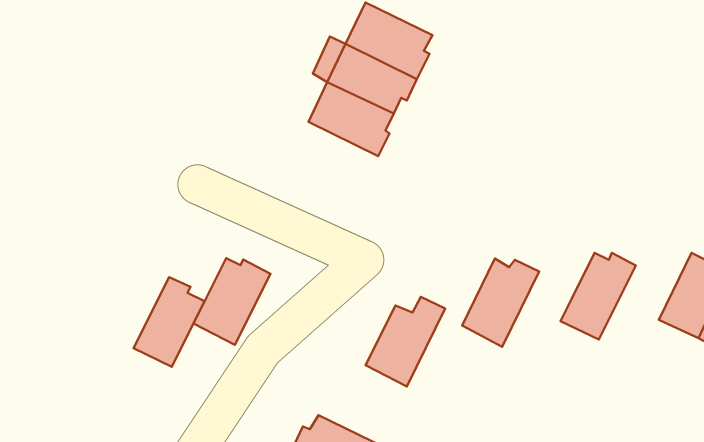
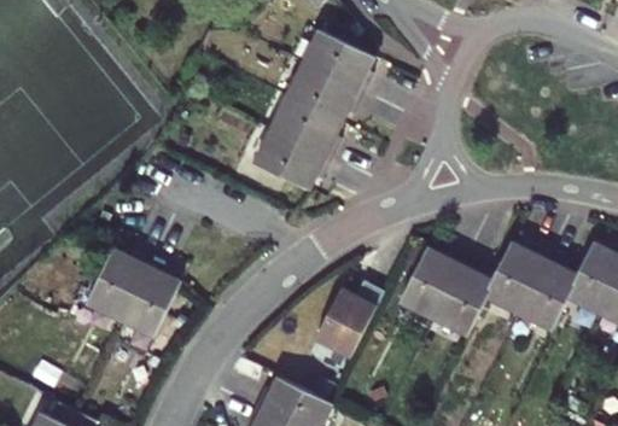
building: none -> [253,130,328,191]
building: [193,258,270,345] -> [86,249,151,322]
building: none -> [515,252,578,332]
building: none -> [433,257,492,335]

